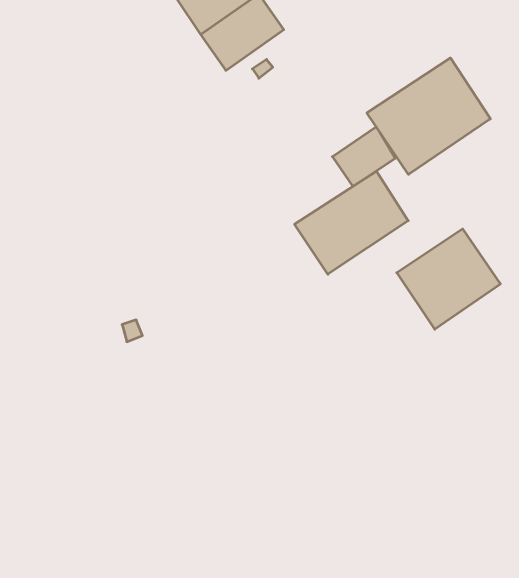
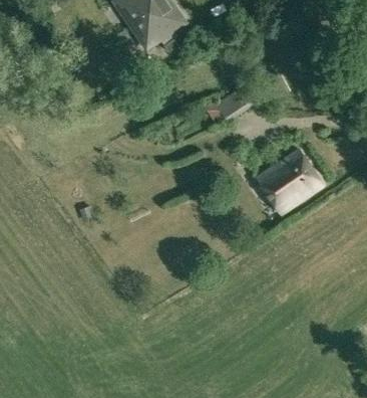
building: [367,58,490,174] -> none
building: [295,171,408,274] -> none

